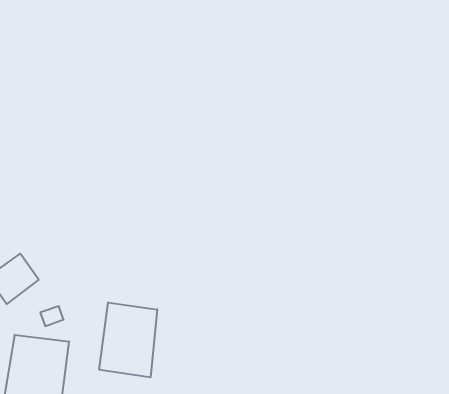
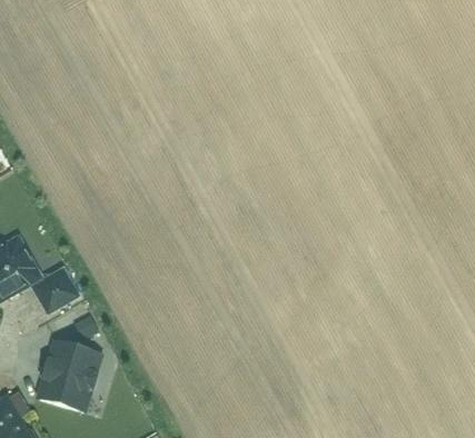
building: [99,302,157,377] -> none

